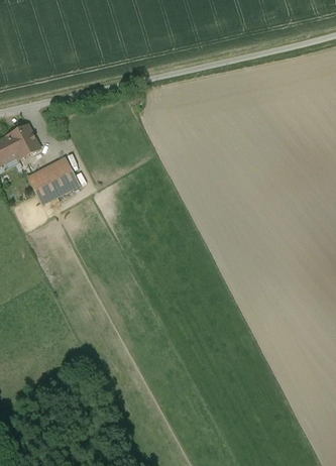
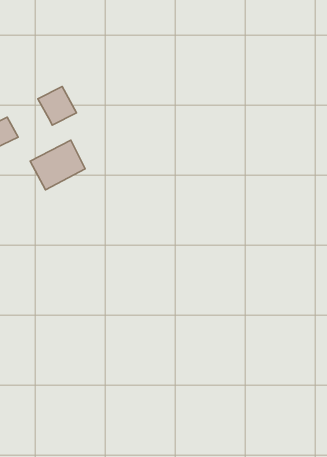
building: [6,123,41,158] -> [38,87,76,125]

